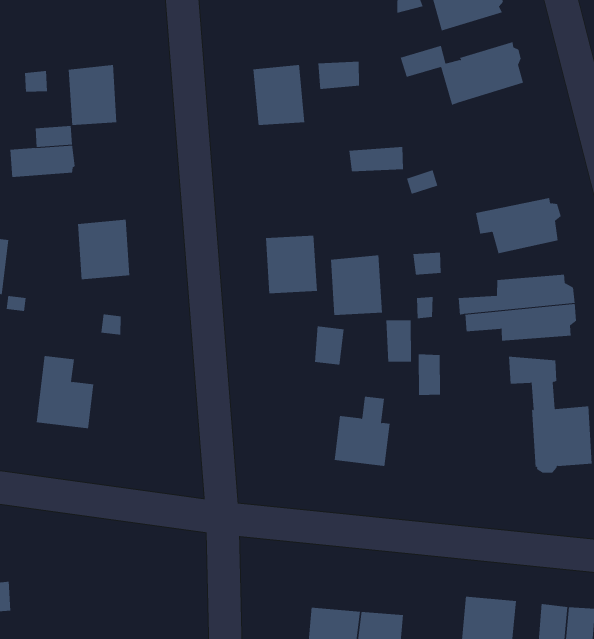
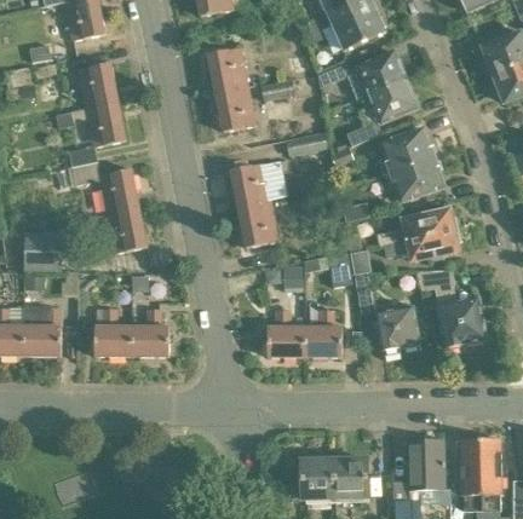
building: none -> [79,62,119,108]
building: none -> [208,47,248,92]
building: none -> [347,79,418,146]
building: none -> [378,128,437,173]
building: none -> [99,168,140,214]
building: [330,255,383,315] -> [231,162,272,208]
building: none -> [132,308,169,356]
building: none -> [268,308,305,357]
building: none -> [375,305,420,354]

